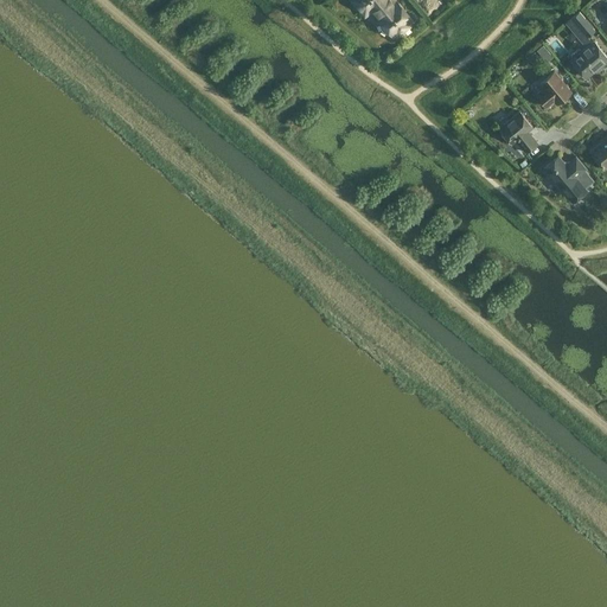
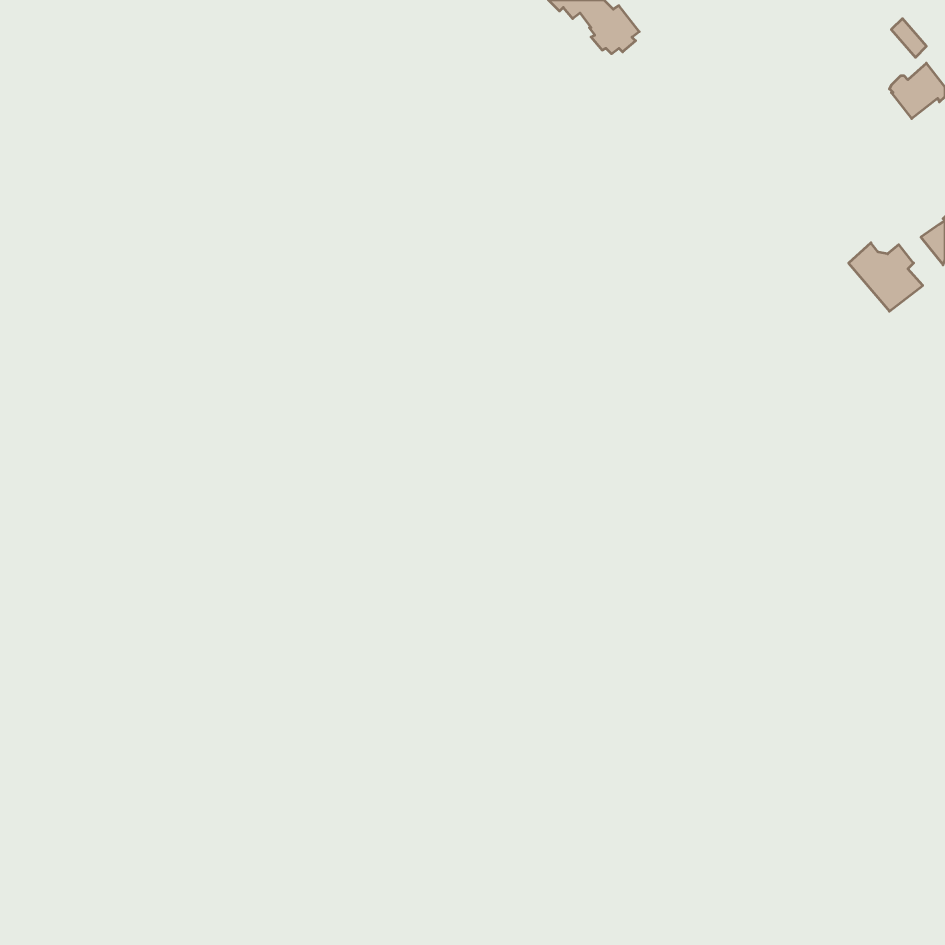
building: [535,72,570,108] -> none
building: [498,113,536,153] -> none

